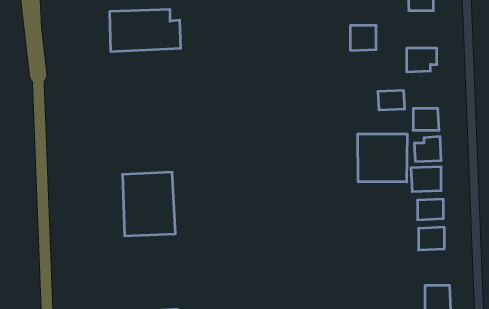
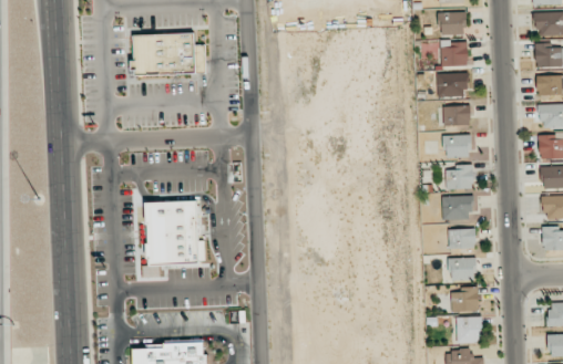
building: [350,26,376,50] -> [441,41,468,66]
building: [378,91,405,110] -> [443,105,471,125]
building: [358,134,407,182] -> none
building: none -> [451,287,479,311]

